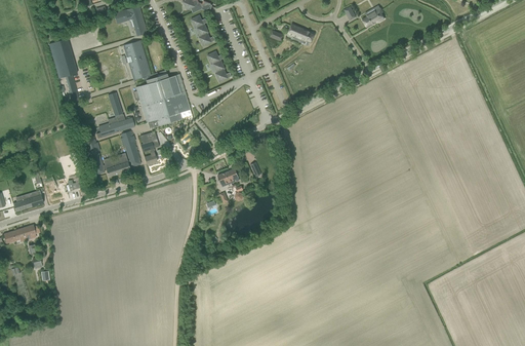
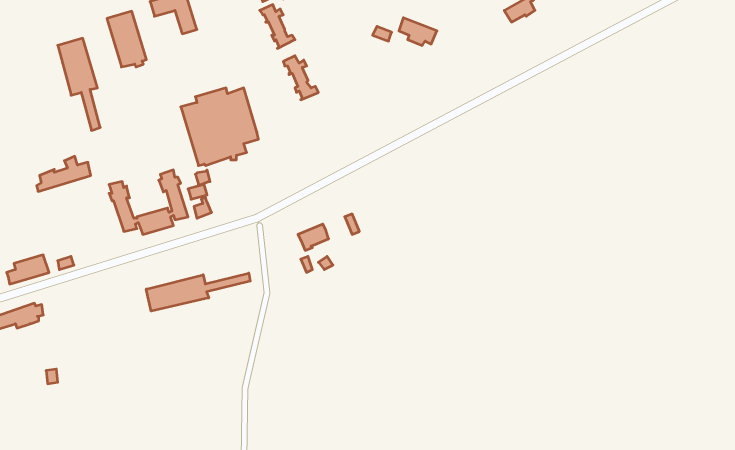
building: [123,40,151,79] -> [107,11,146,67]
building: [96,113,134,138] -> [37,156,91,191]
building: none -> [146,273,250,311]

